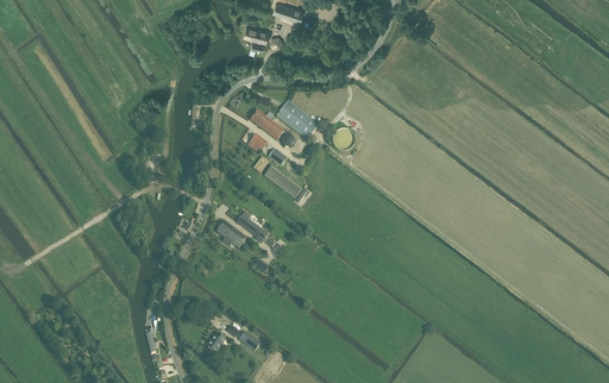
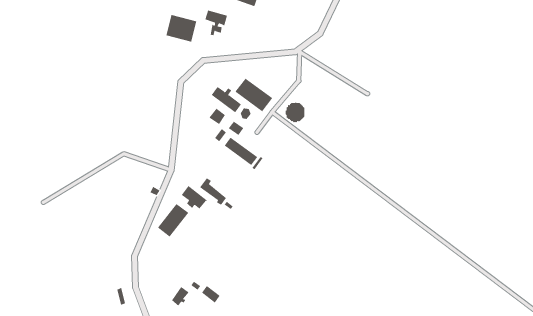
building: none -> [166,14,197,43]
building: none -> [157,203,189,237]

